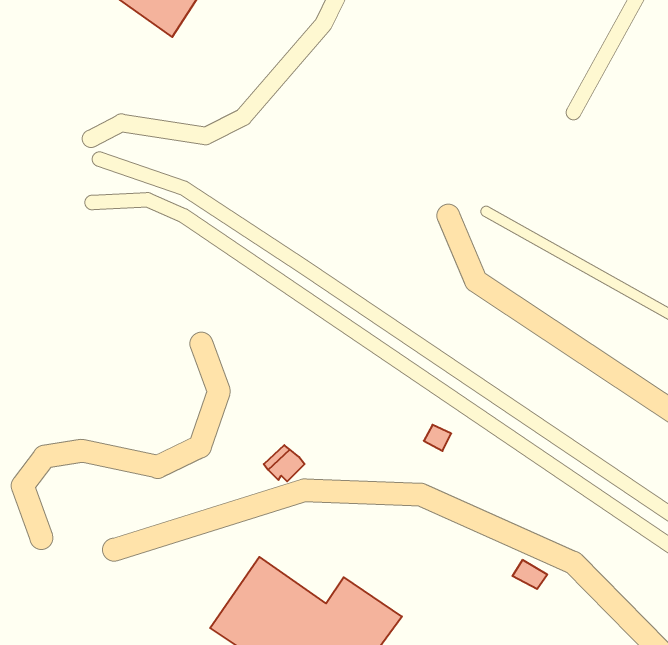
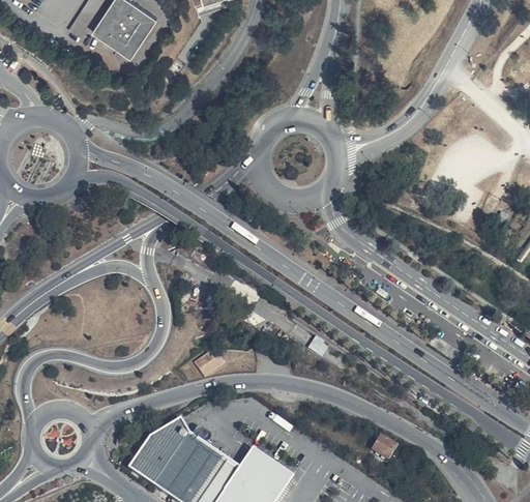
building: none -> [128,416,190,482]

